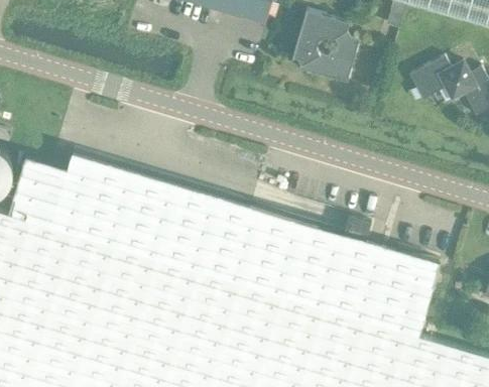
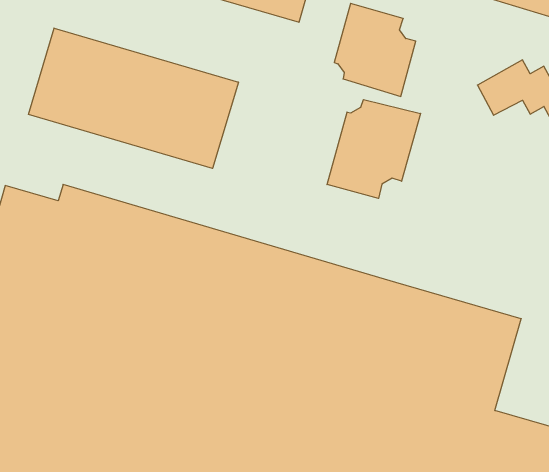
building: none -> [28,28,238,168]
building: none -> [327,100,421,198]

